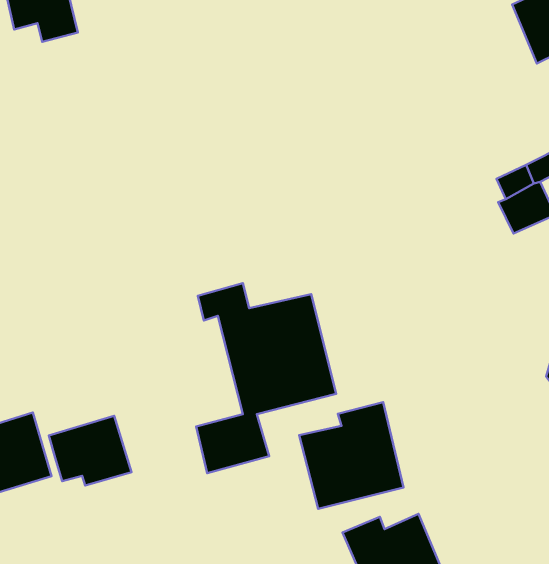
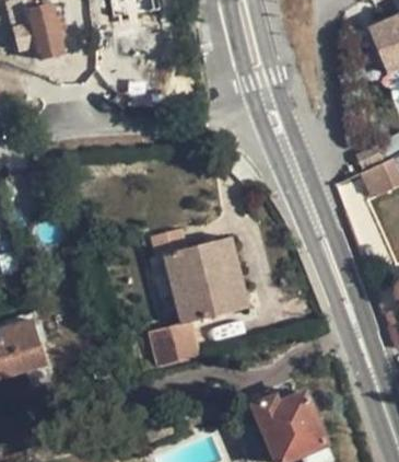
building: [299,402,403,509] -> none
building: [49,416,132,485] -> none

